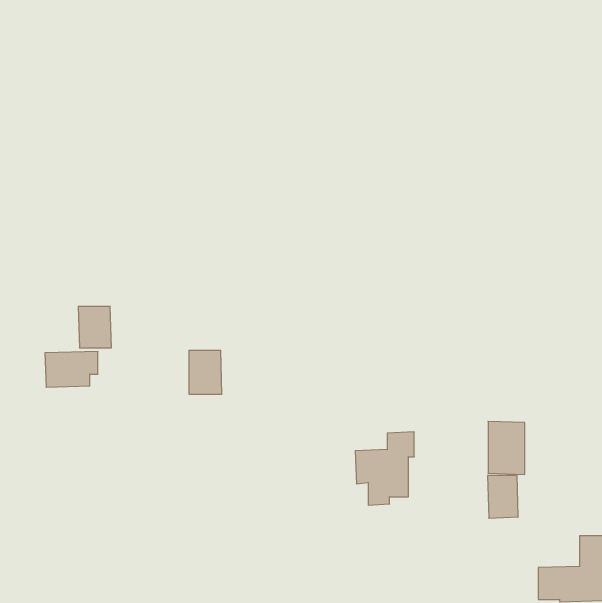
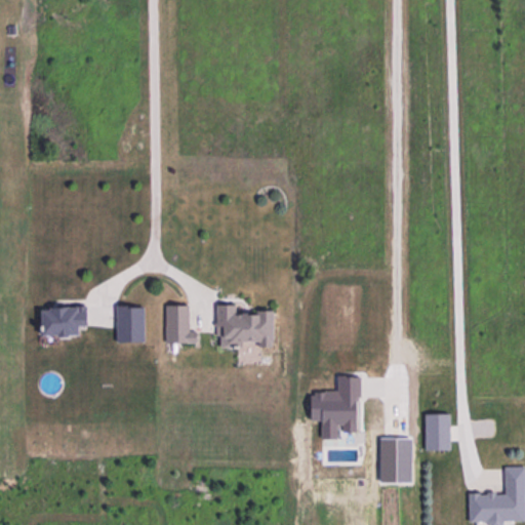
building: [78,306,111,348] -> [116,306,145,341]
building: none -> [217,305,273,363]
building: [488,421,525,474] -> [380,437,412,483]

